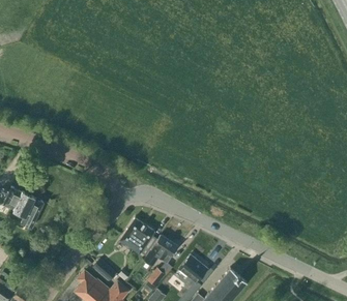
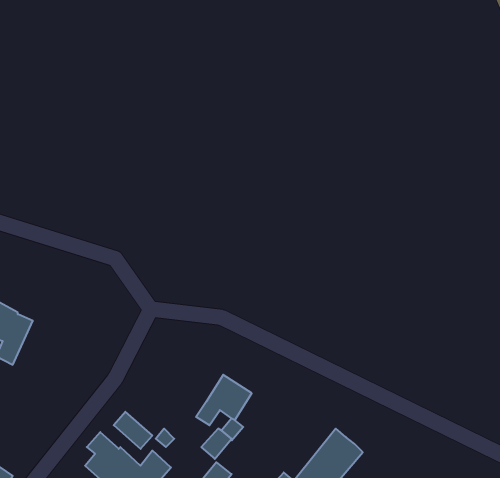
building: [119,218,155,254] -> none
building: [178,254,207,283] -> none

